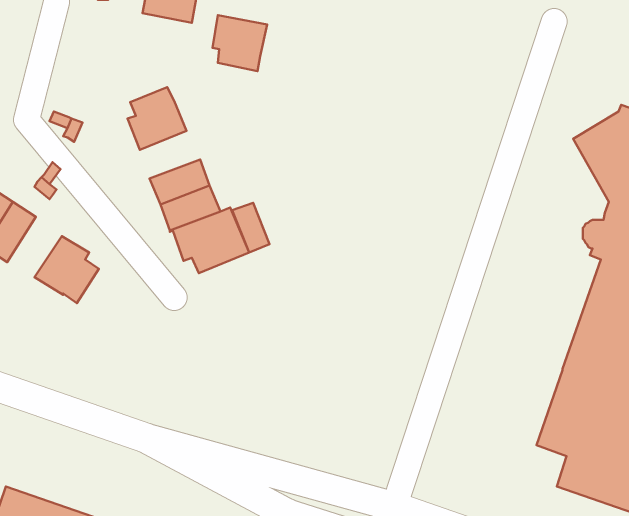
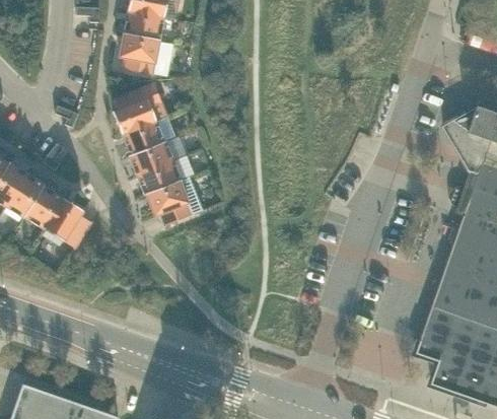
building: [212,15,267,71] -> [120,32,160,74]
building: none -> [122,120,166,155]
building: [232,203,269,253] -> none
building: none -> [23,184,64,228]

